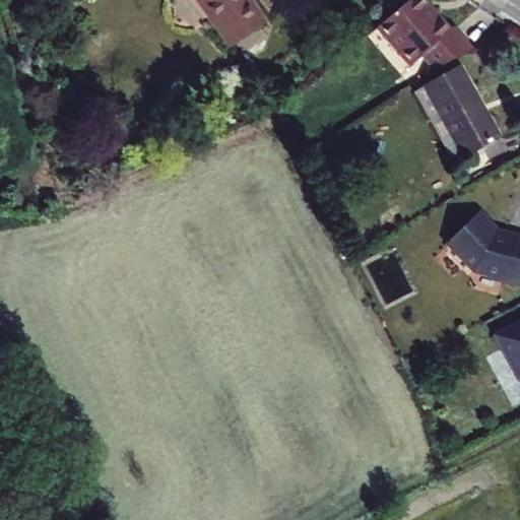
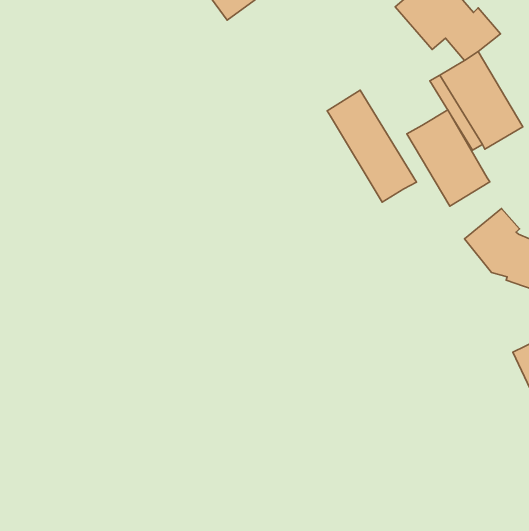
building: none -> [327,90,416,202]
building: none -> [407,110,490,206]

